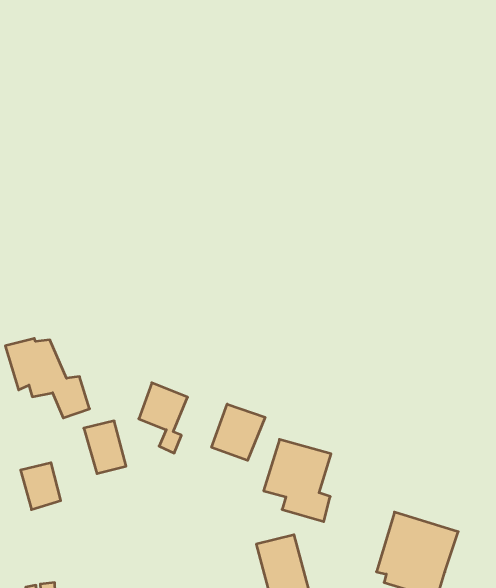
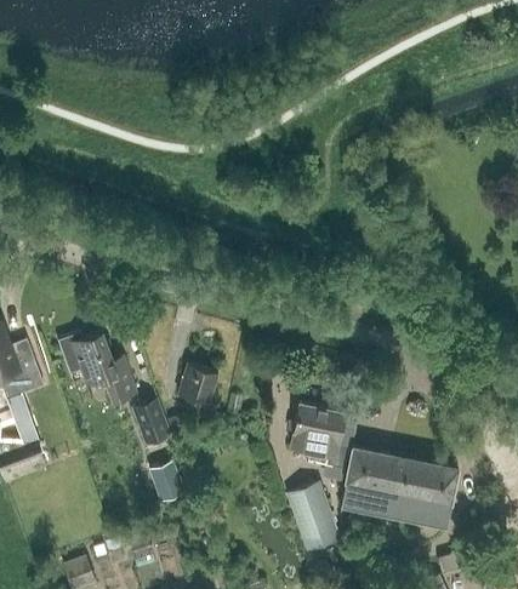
building: [212,404,265,460] -> none
building: [21,463,61,510] -> [149,461,186,502]
building: none -> [340,446,403,514]

